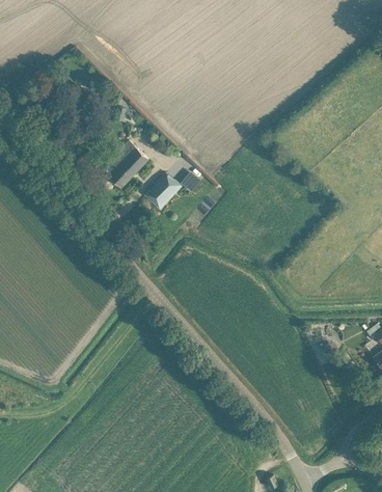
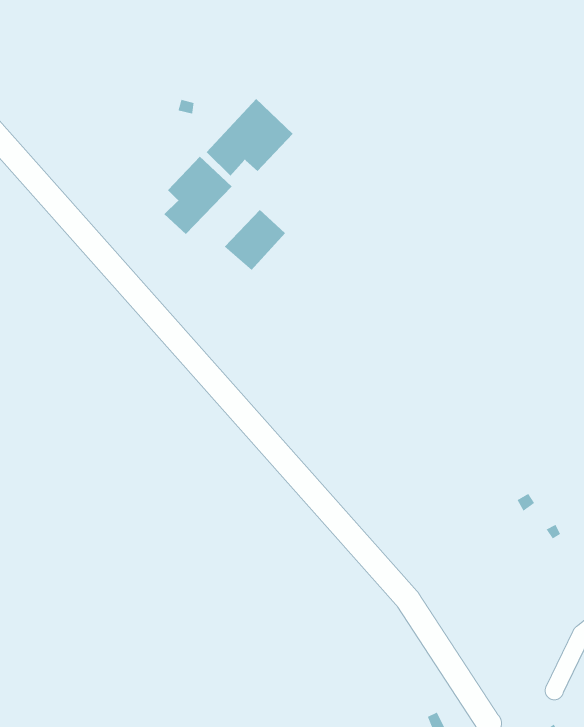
building: none -> [206,98,293,176]

